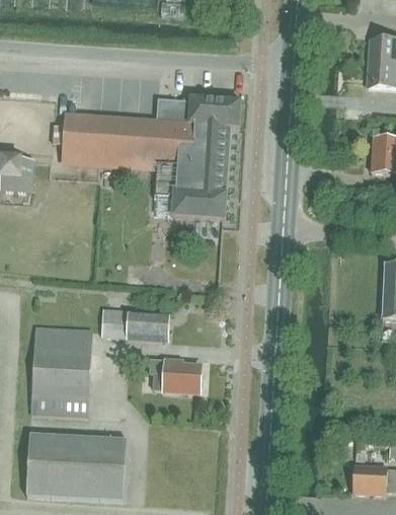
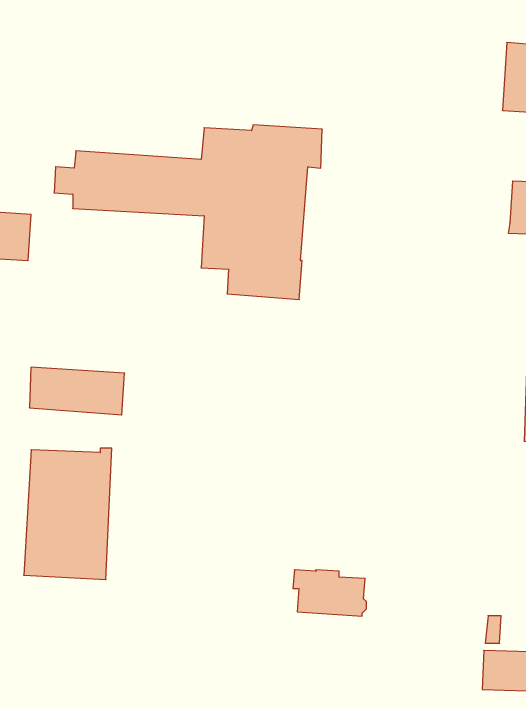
building: [102,308,169,342] -> [29,367,125,415]
building: [150,360,202,392] -> [293,570,366,616]
building: [26,432,128,499] -> none

